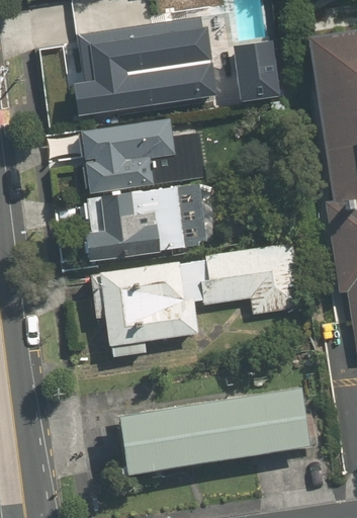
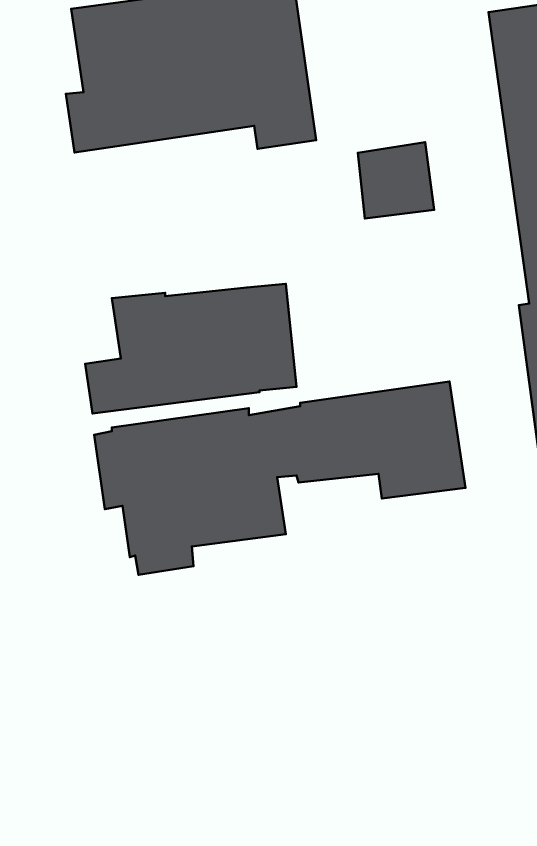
building: [235,47,278,90] -> [358,142,434,219]
building: [49,120,194,197] -> none
building: [114,387,307,471] -> none

